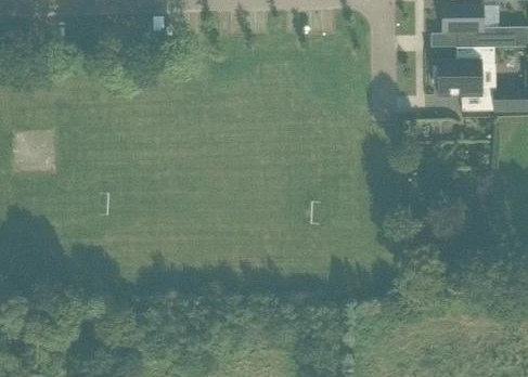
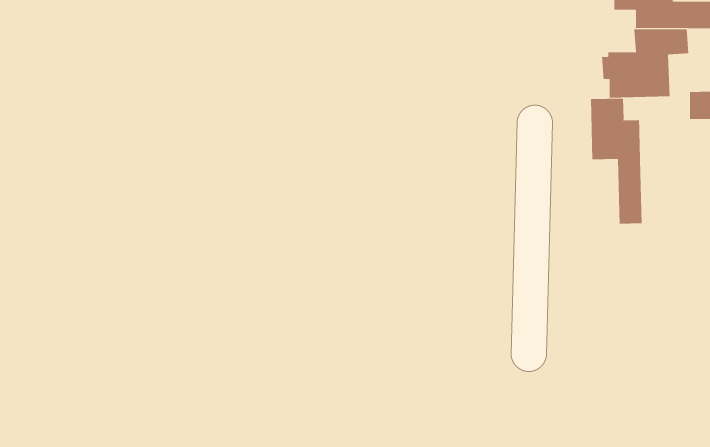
building: none -> [590,98,642,224]

